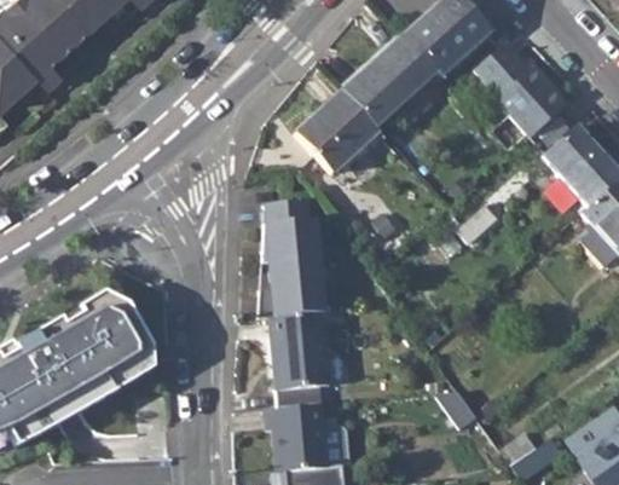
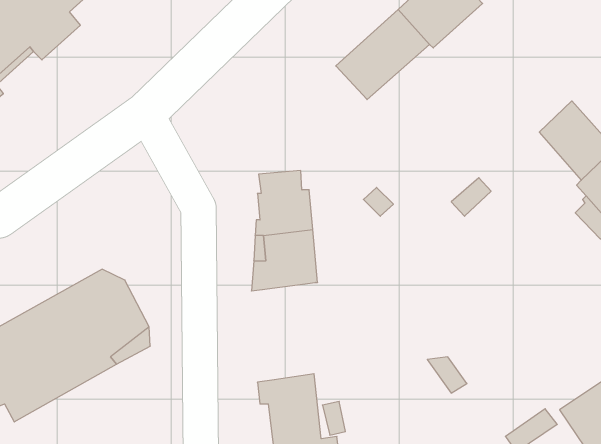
building: [473,48,563,142] -> none
building: [296,93,377,174] -> none
building: [267,311,330,409] -> none

